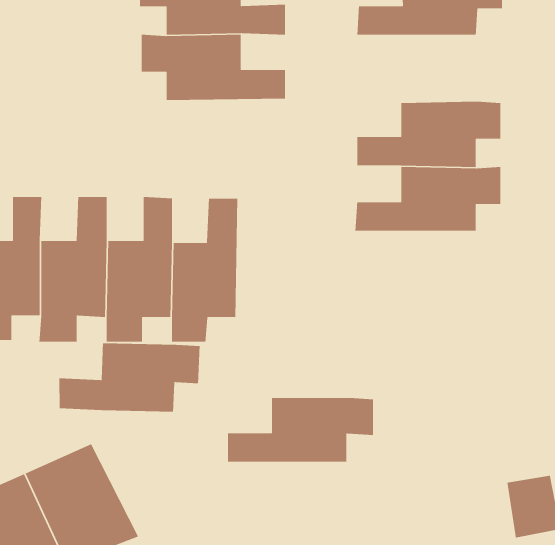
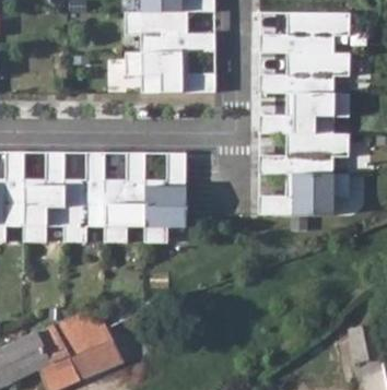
building: none -> [259,52,350,94]
building: [58,343,200,412] -> none
building: [227,397,374,462] -> [258,174,349,214]

